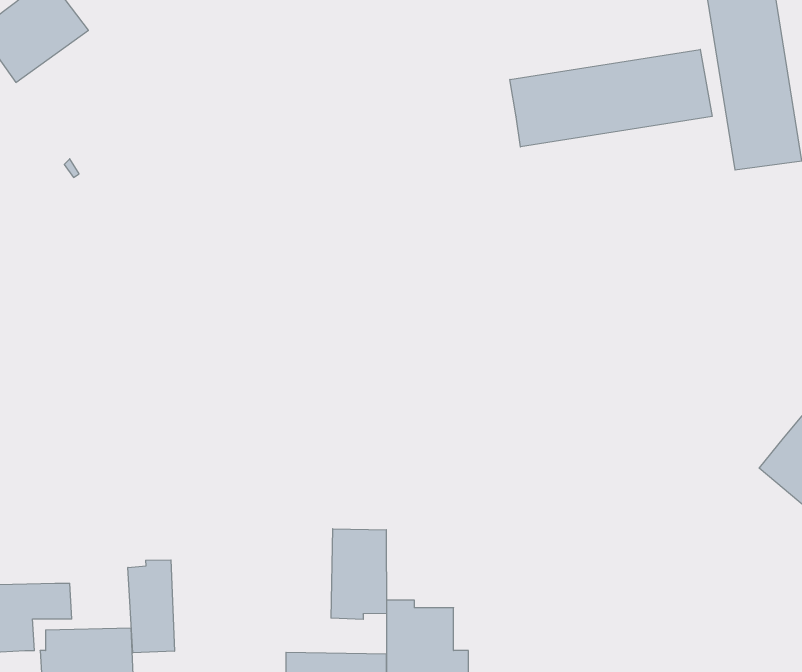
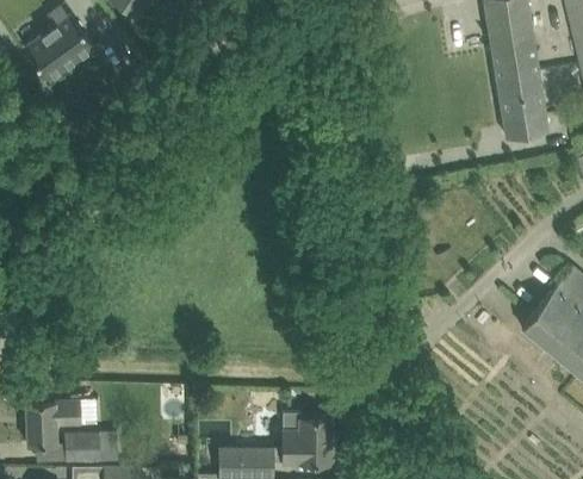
building: [510,49,712,147] -> none
building: [331,529,387,619] -> none
building: [128,560,174,653] -> none

